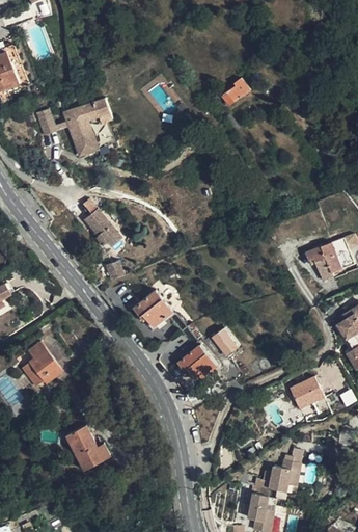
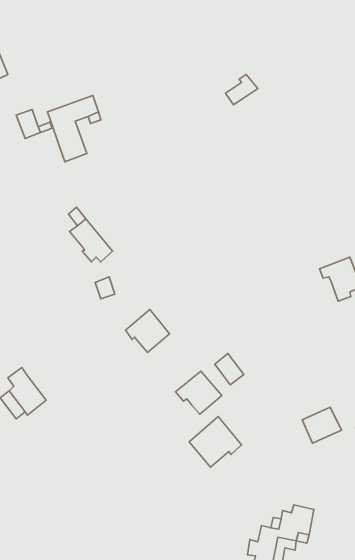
building: none -> [189,417,241,467]
building: [65,425,110,469] -> none

